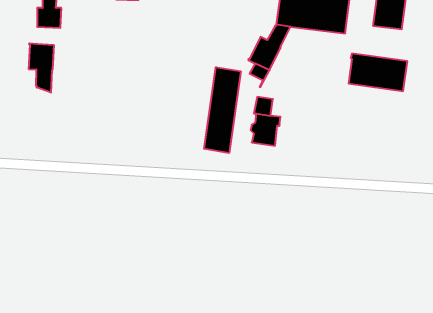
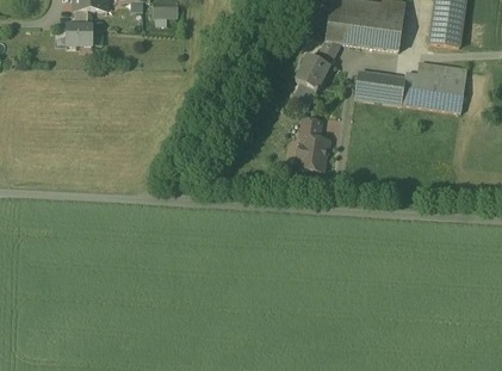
building: [29,43,54,93] -> none
building: none -> [355,72,407,105]
building: [204,67,241,153] -> none

